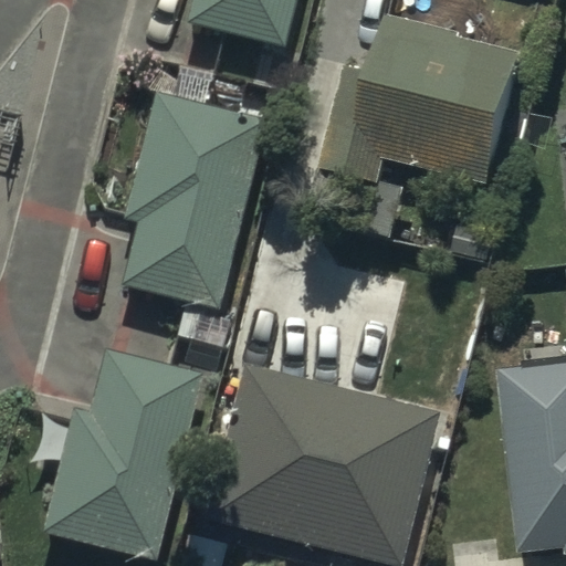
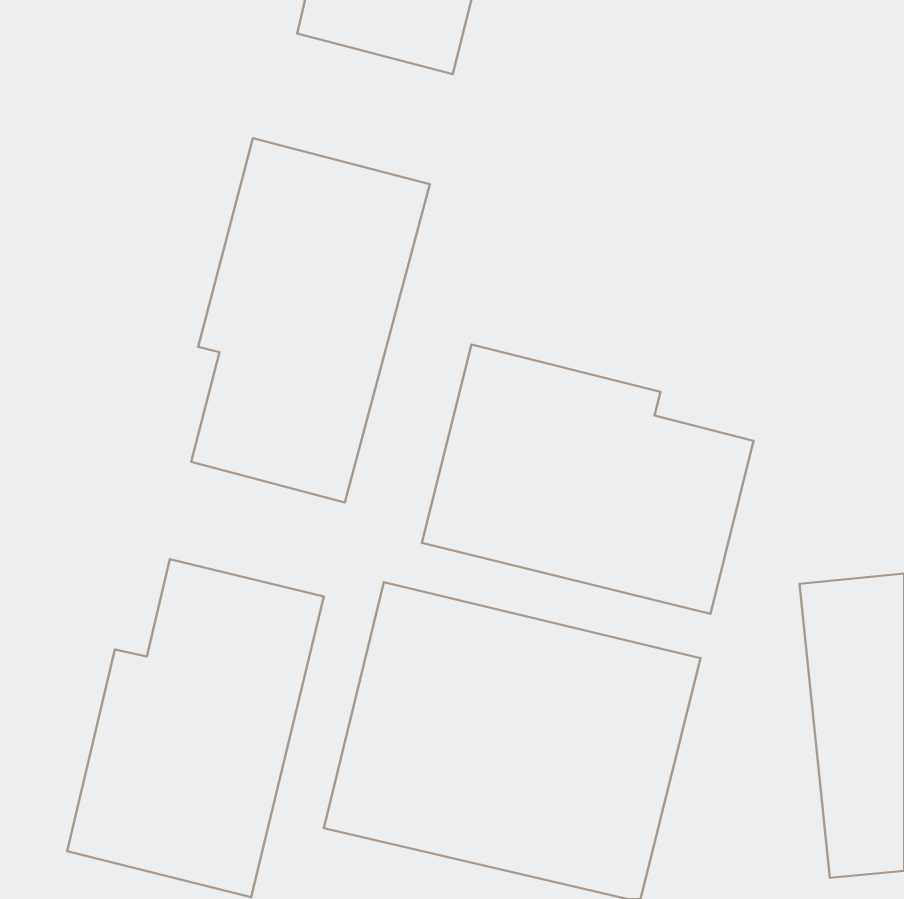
building: [326,11,532,184] -> none
building: none -> [422,344,753,614]

